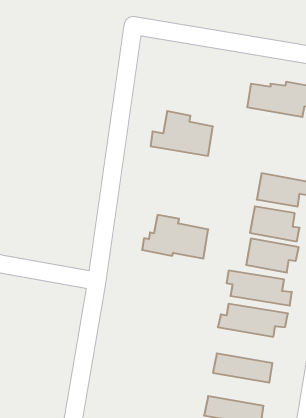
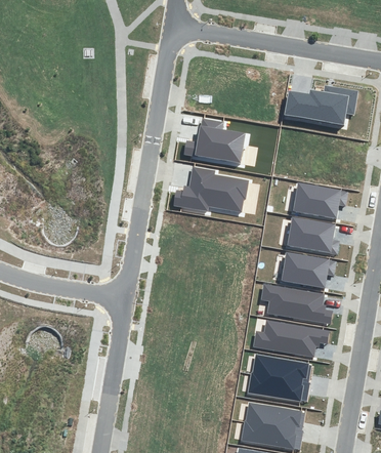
building: [142,215,208,259] -> [177,167,247,213]
building: none -> [252,354,313,383]
building: none -> [243,399,304,428]

